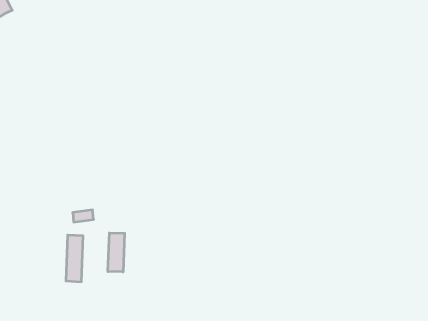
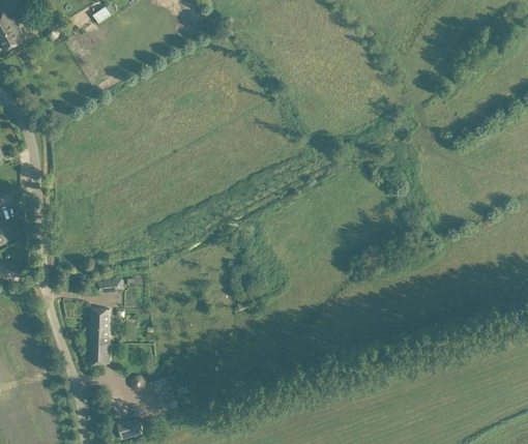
building: [108,233,125,272] -> none

